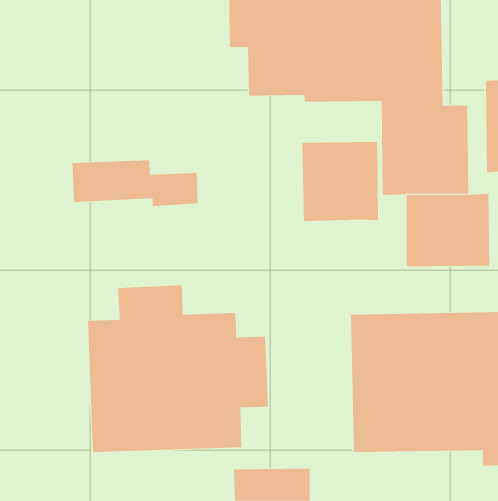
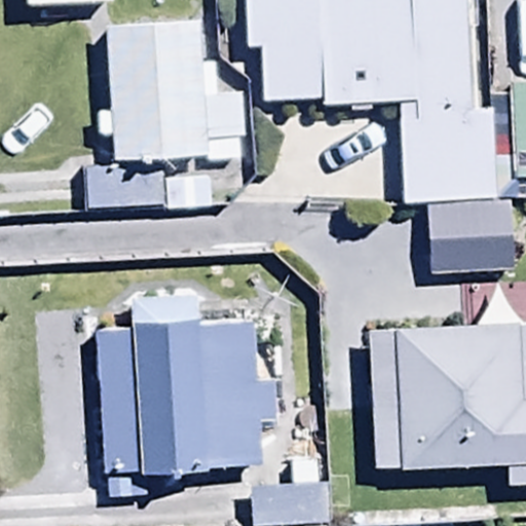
building: none -> [98,18,247,160]
building: [302,141,379,222] -> none

